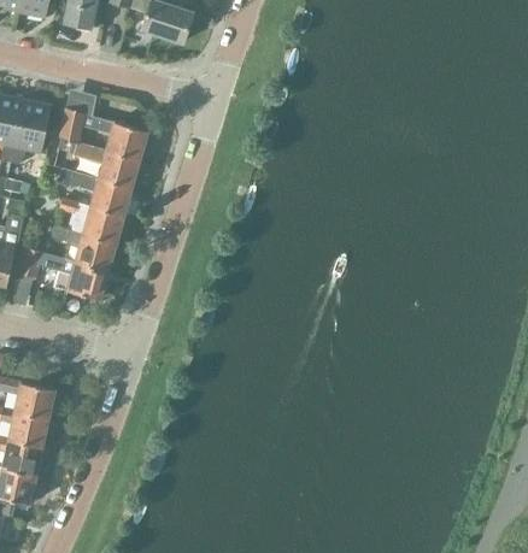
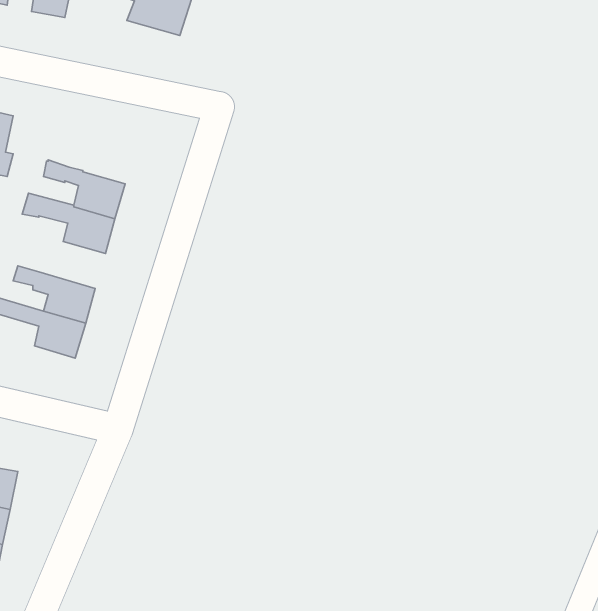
building: [60,107,147,159] -> none
building: [58,195,124,242] -> none

